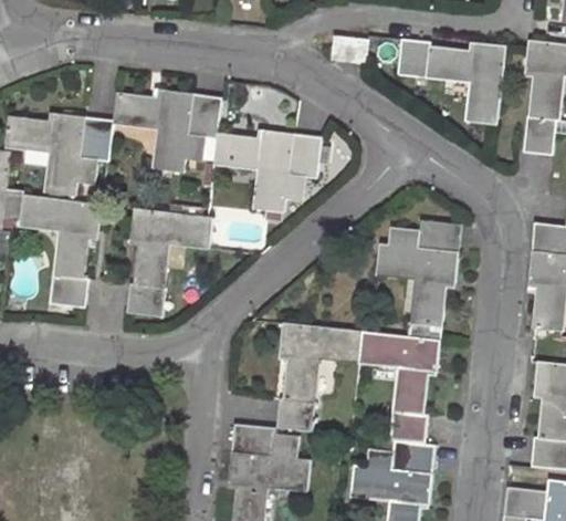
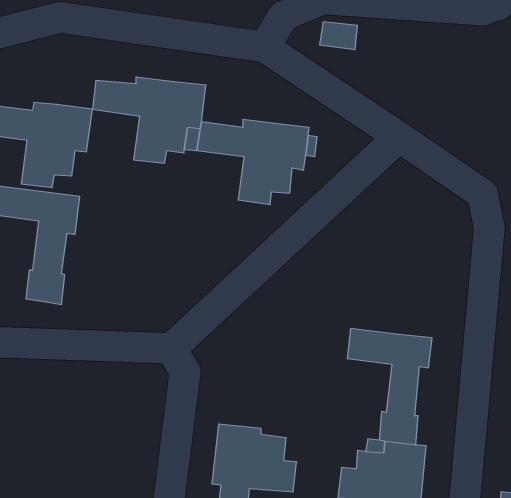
building: [397,40,506,126] -> none
building: [126,208,211,317] -> none
building: [376,221,460,341] -> none
building: [275,324,361,431] -> none

